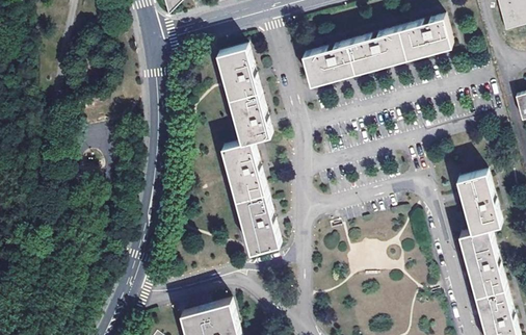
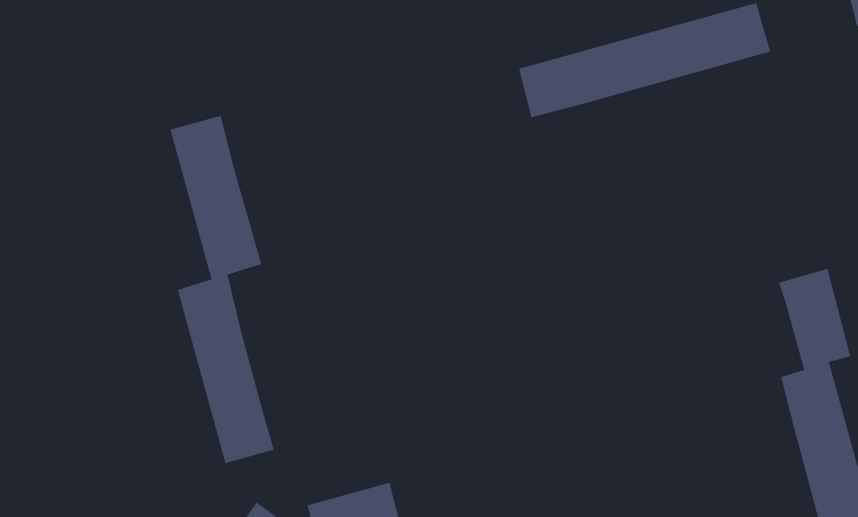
building: [217,47,279,251] -> [170,115,275,464]

